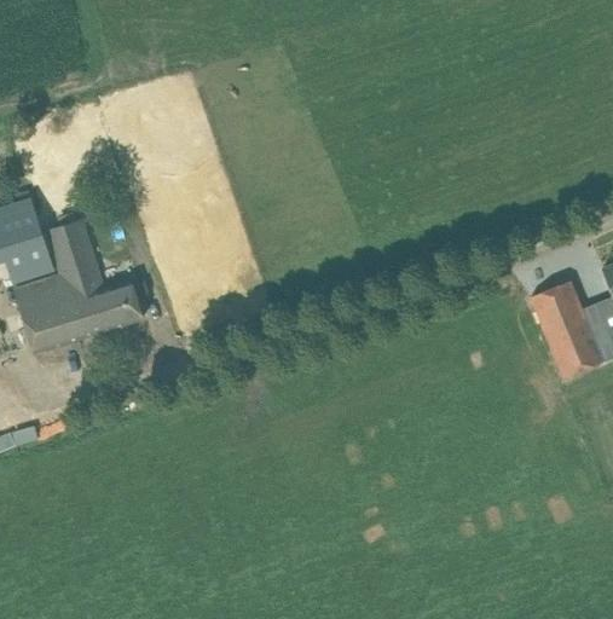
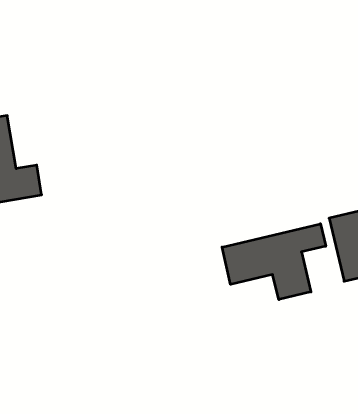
building: none -> [222,224,326,300]

